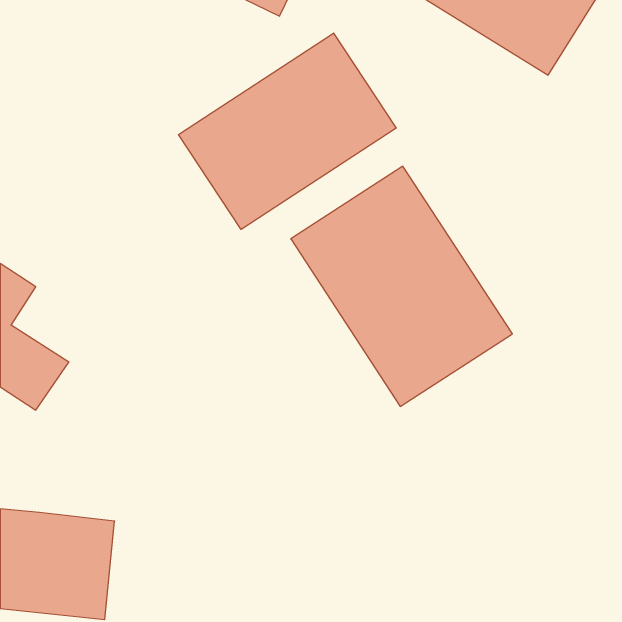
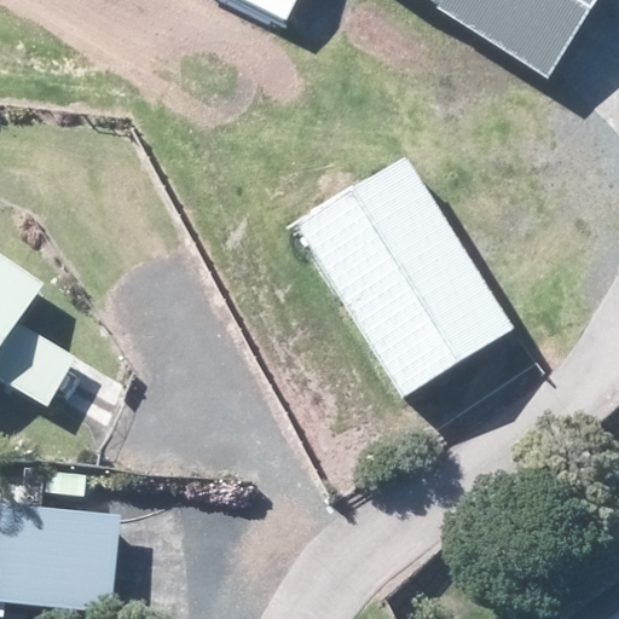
building: [179,33,396,229] -> none

